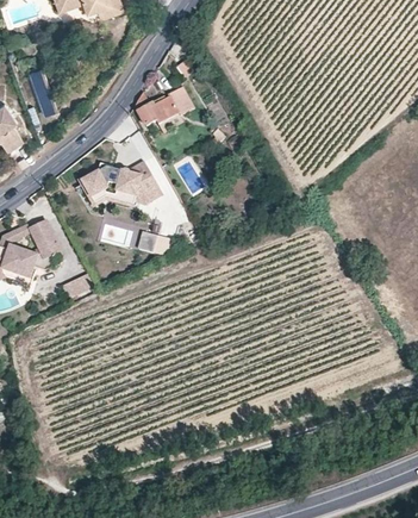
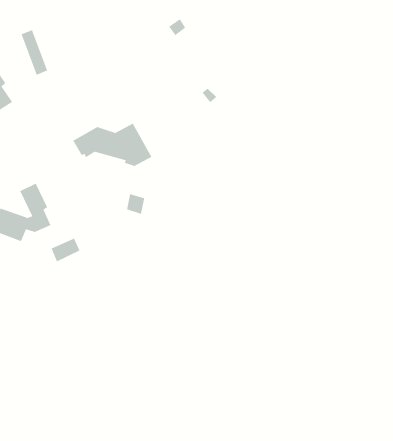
building: [133,87,193,126] -> none

